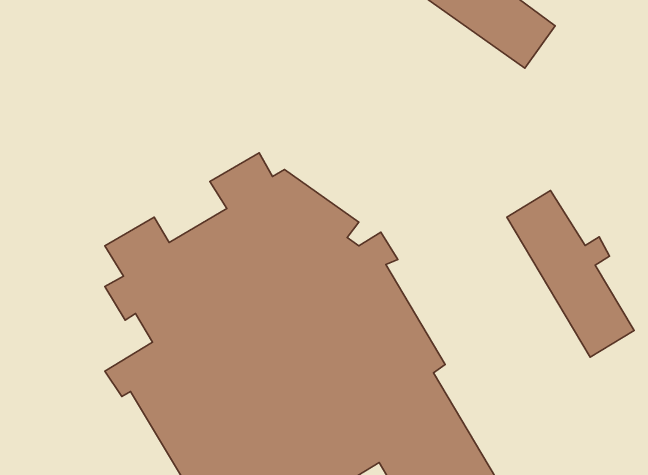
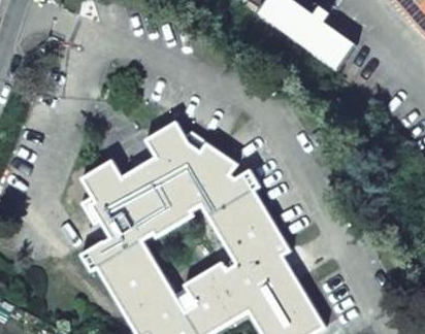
building: [507,190,634,357] -> none

